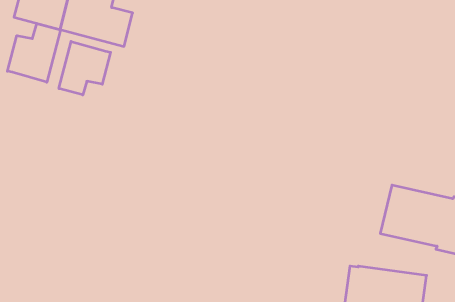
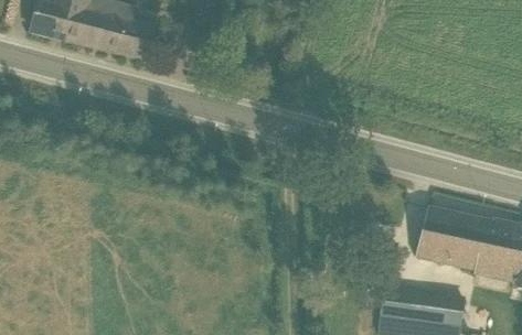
building: [7,23,61,82] -> none
building: [59,41,111,95] -> none

